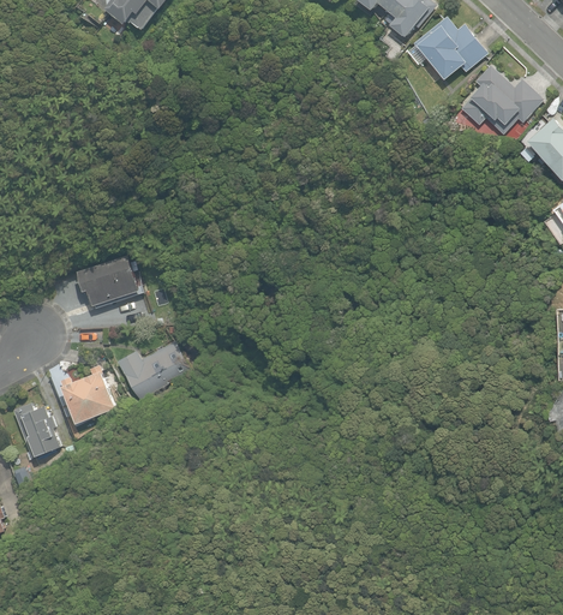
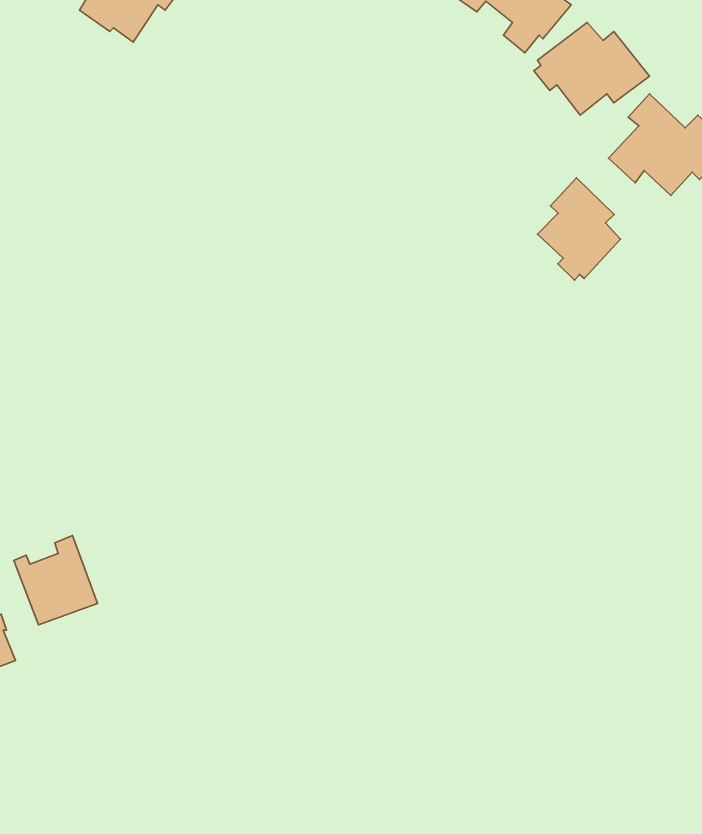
building: none -> [537,178,620,280]
building: [77,255,143,308] -> none
building: [116,340,191,400] -> none

